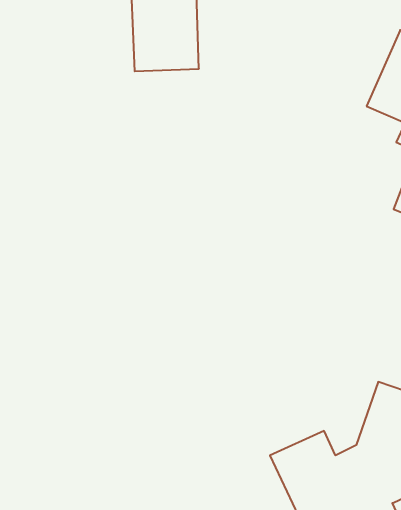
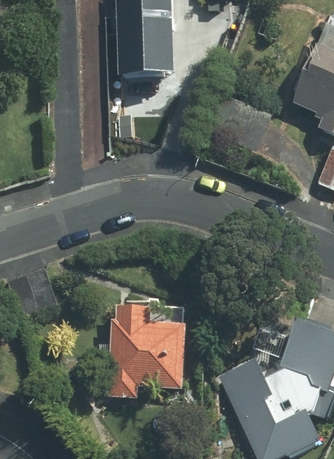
building: none -> [109,303,191,397]

